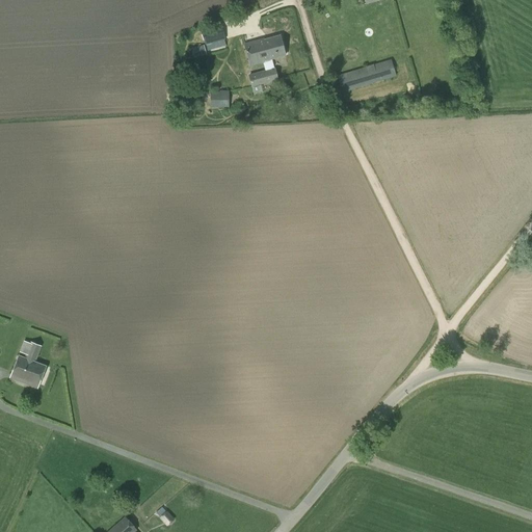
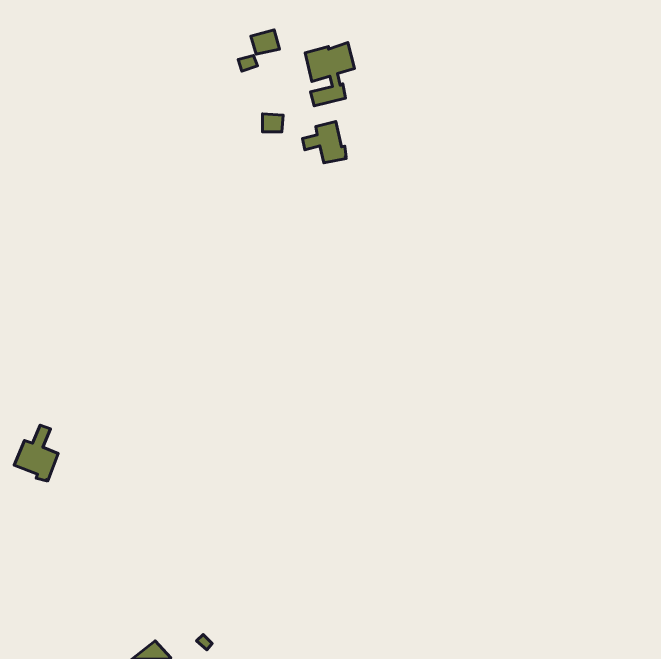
building: [339,59,396,90] -> none
building: none -> [302,121,346,163]

